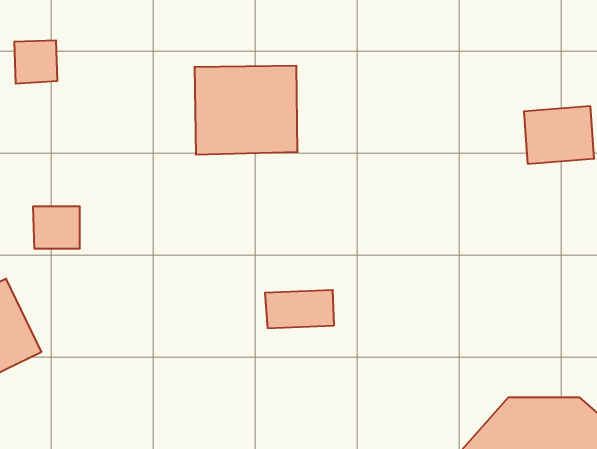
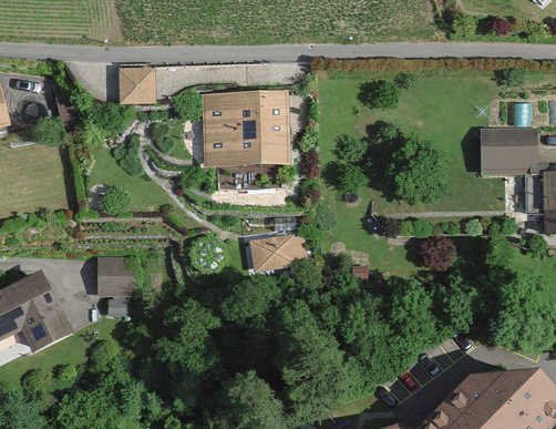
building: [14,40,57,84] -> [116,68,153,104]
building: [33,207,80,248] -> [100,262,140,297]
building: [265,290,334,328] -> [251,234,310,266]

